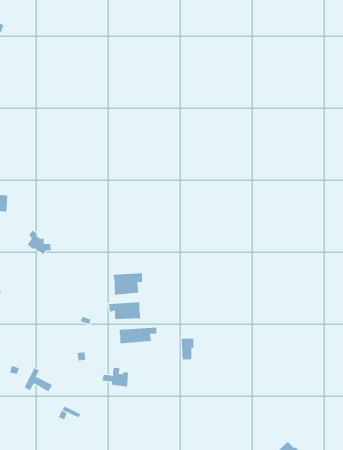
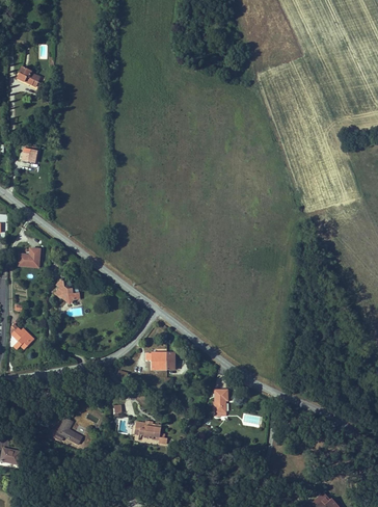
building: [113,272,143,296] -> none
building: [119,327,157,344] -> none

